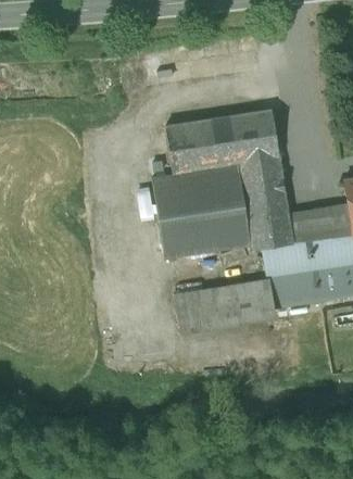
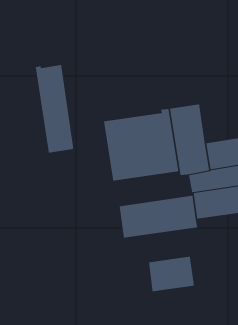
building: none -> [35,64,74,154]
building: [165,111,279,173] -> none
building: none -> [148,256,195,292]

